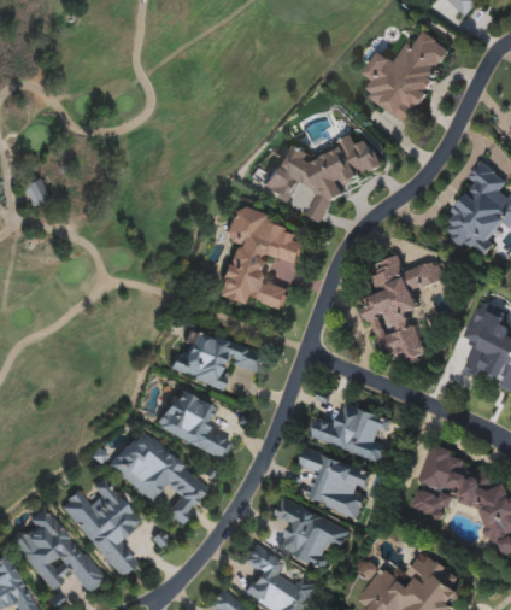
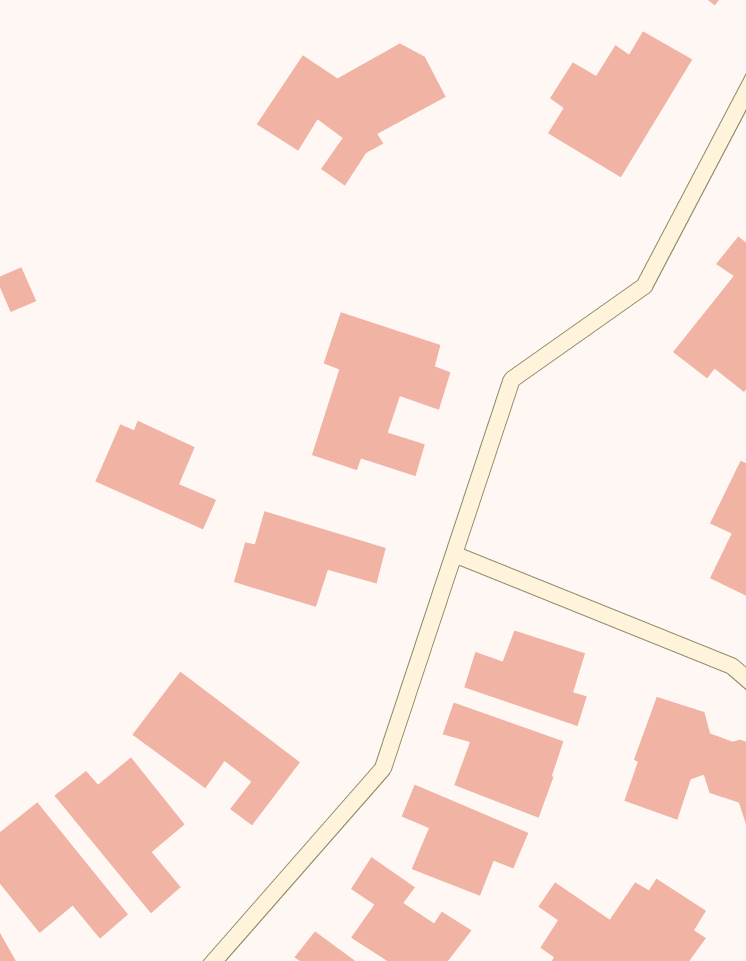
building: [263,134,381,223] -> [256,42,447,187]
building: [362,254,440,366] -> none
building: [153,391,229,459] -> [94,419,217,531]

